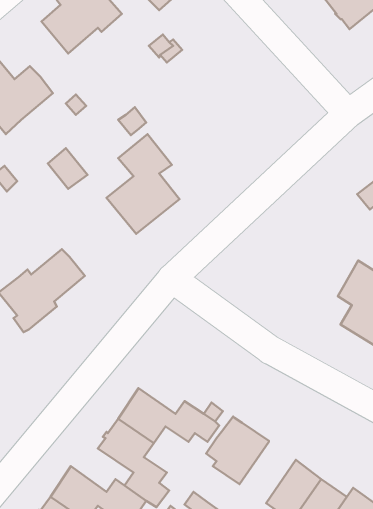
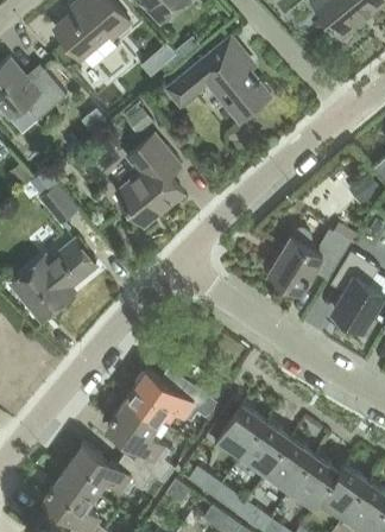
building: none -> [166,38,270,121]
building: [48,148,87,189] -> [39,184,76,222]
building: none -> [270,227,349,291]
building: none -> [239,420,291,477]

